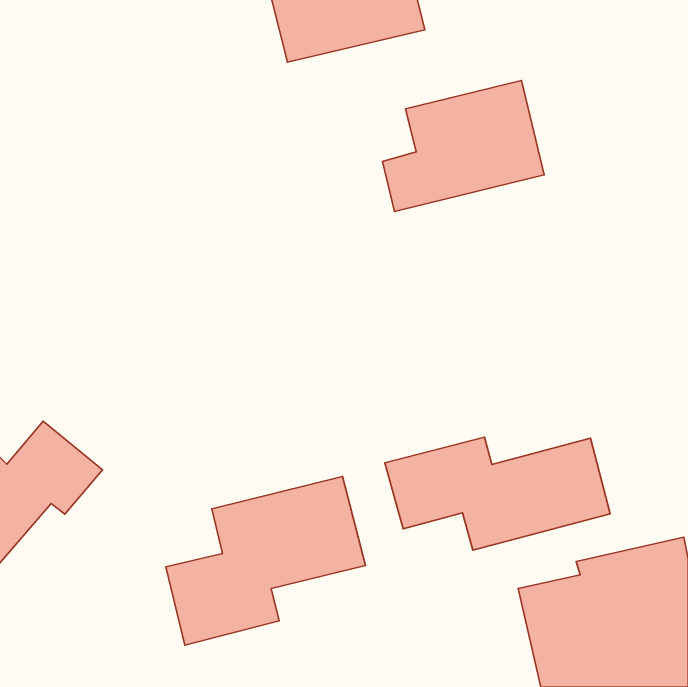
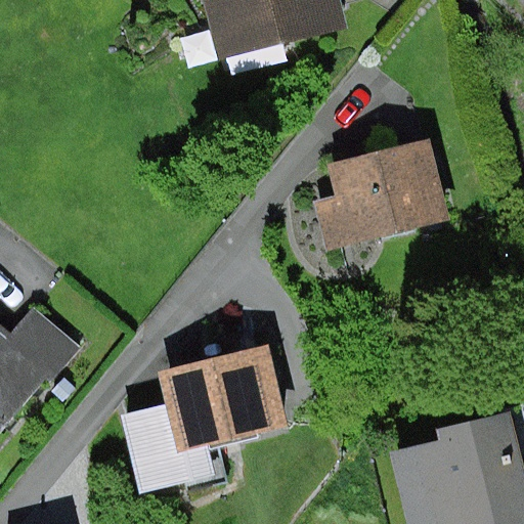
building: [382,80,544,211] -> [318,151,441,251]
building: [385,437,610,550] -> none

